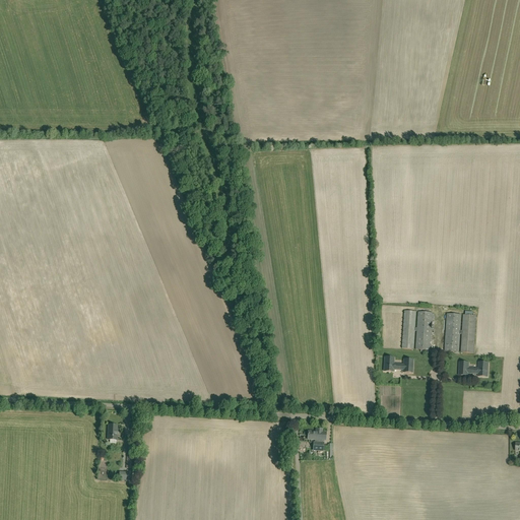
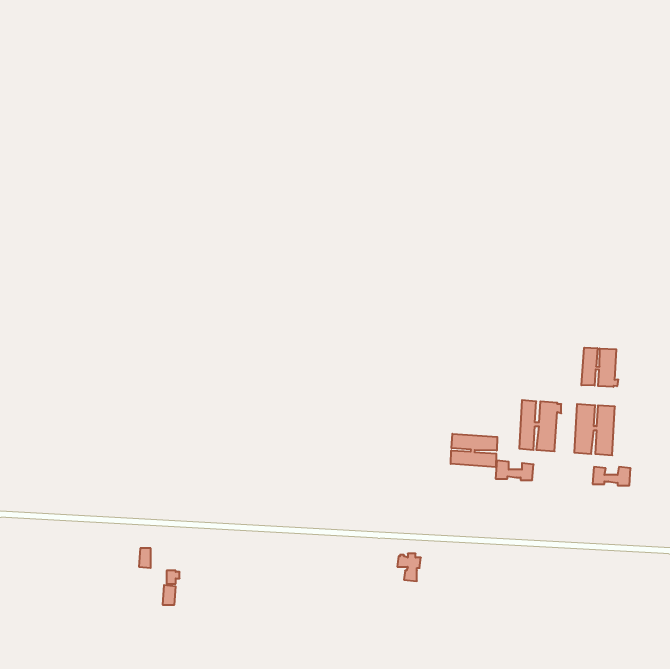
building: none -> [581,348,618,387]
building: none -> [451,434,497,467]

